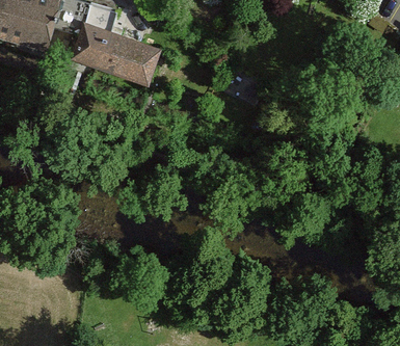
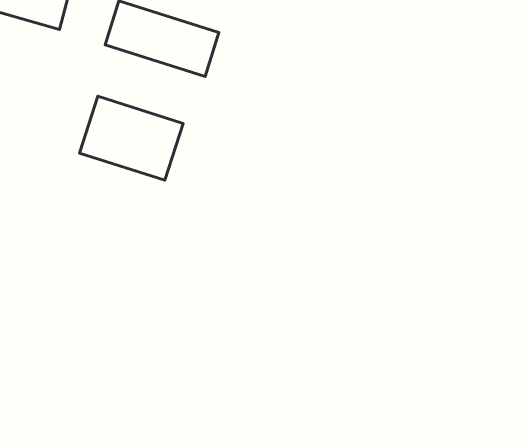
building: none -> [79,96,183,180]

